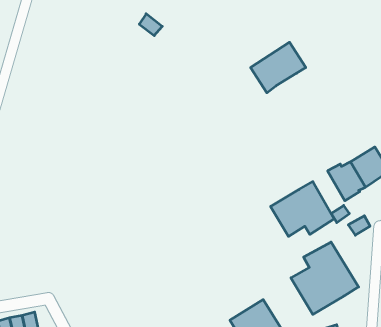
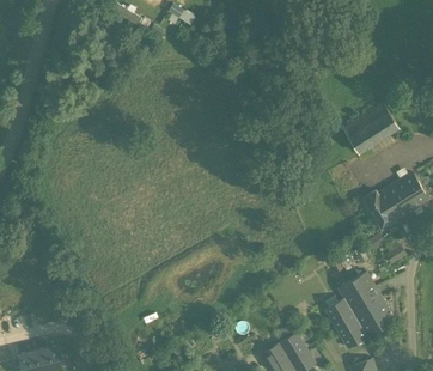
building: [251,42,306,93] -> [342,102,400,154]
building: [271,182,334,236] -> none

